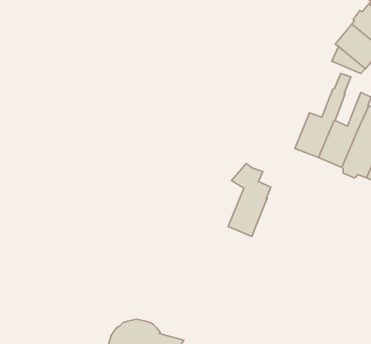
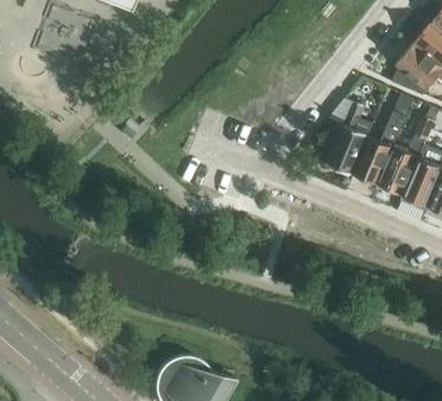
building: [228,164,271,237] -> [328,98,373,175]

